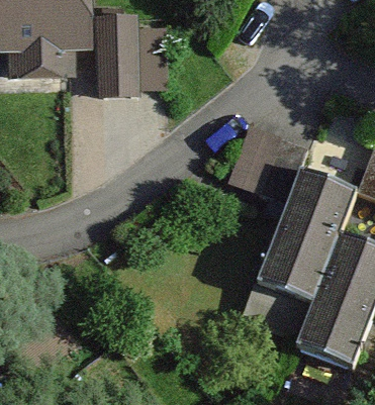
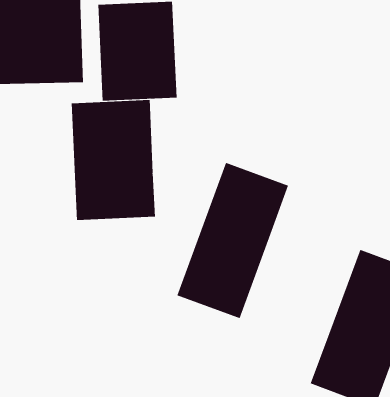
building: none -> [71,99,155,221]
building: [252,163,354,305] -> [177,162,289,319]

